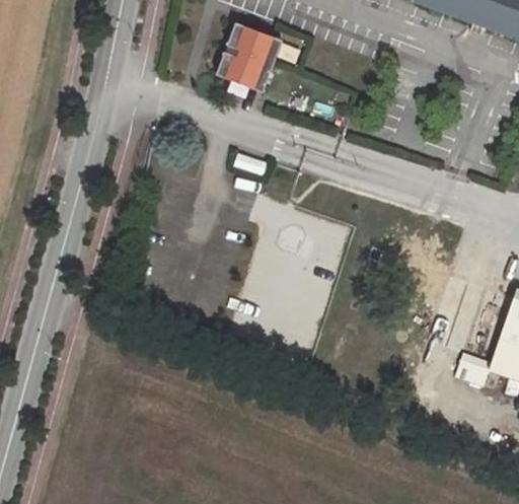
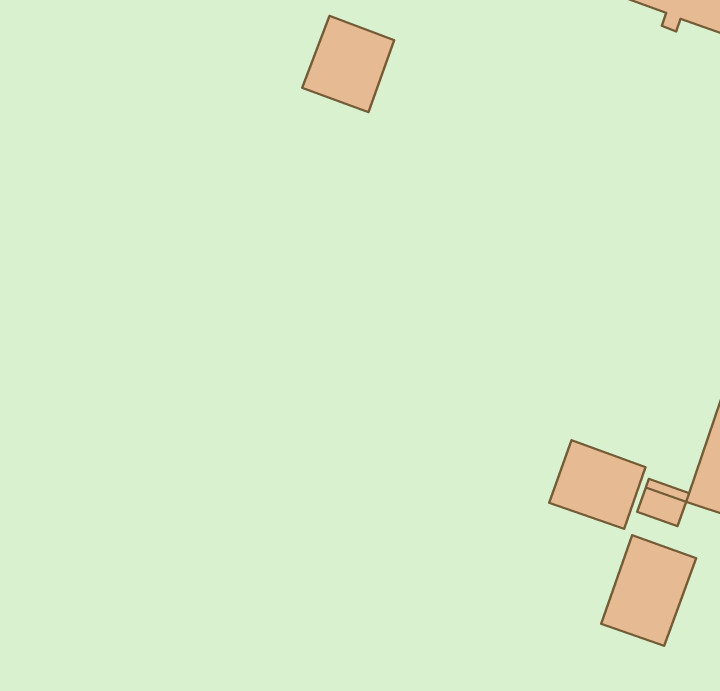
building: none -> [549,440,646,529]
building: none -> [601,535,696,646]

